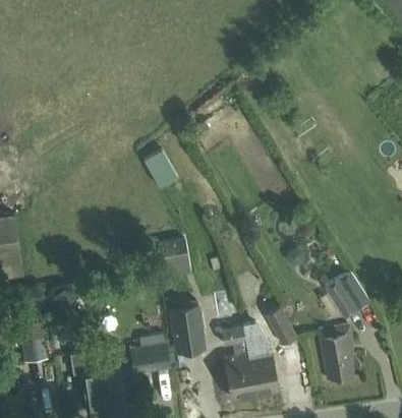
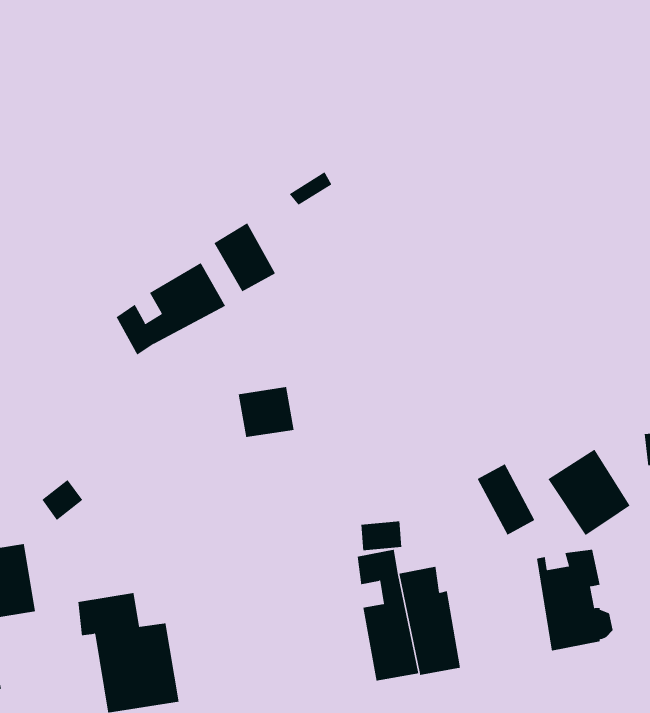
building: none -> [116,262,226,355]
building: [171,304,207,353] -> none
building: [266,307,297,346] -> [477,464,535,535]
building: [130,334,170,374] -> none

